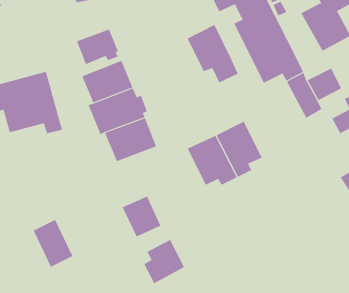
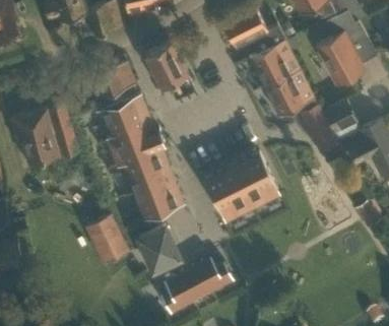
building: [187,24,239,83] -> [145,42,196,100]
building: none -> [135,179,186,220]
building: [33,219,73,268] -> [88,216,128,264]
building: none -> [188,258,234,298]

